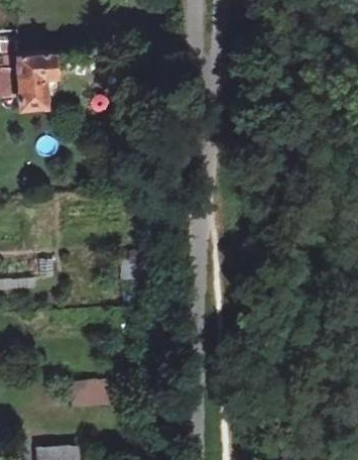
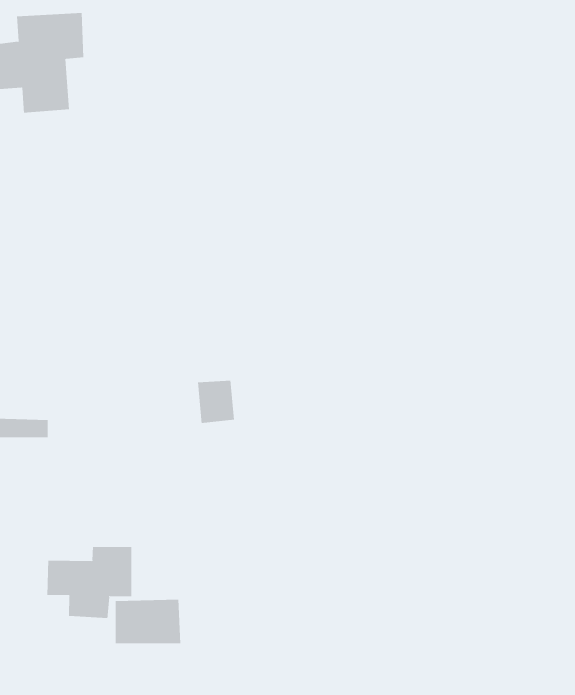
building: none -> [47,546,132,619]

